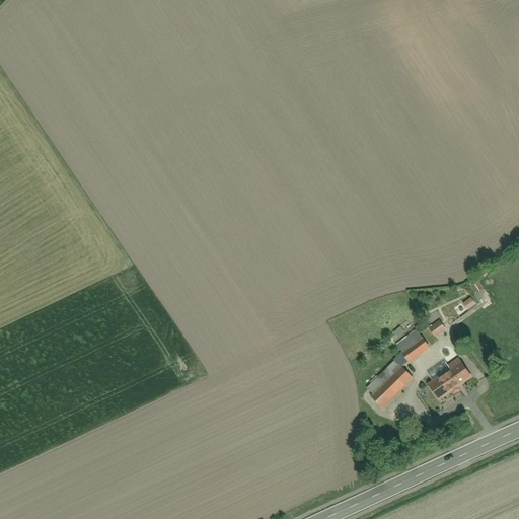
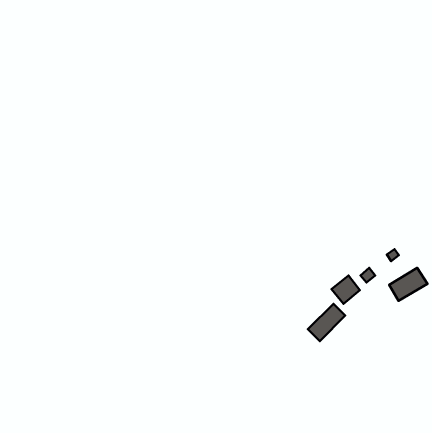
building: [428,359,473,398] -> [389,268,427,301]

